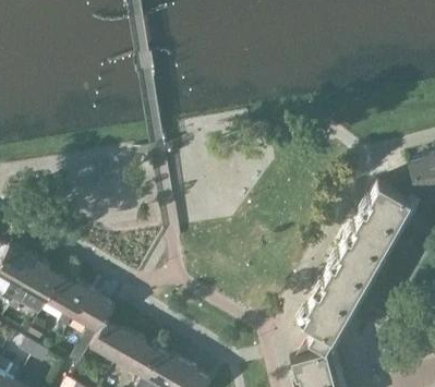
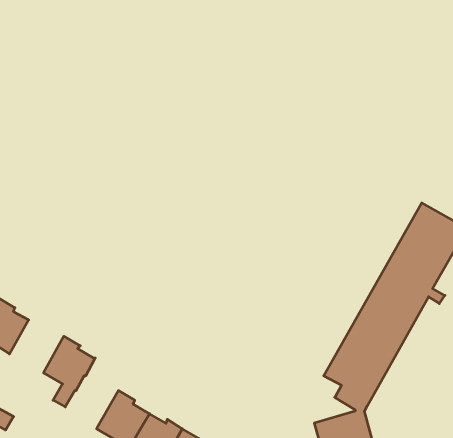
building: [48,276,92,330] -> none
building: [92,321,135,363] -> none

